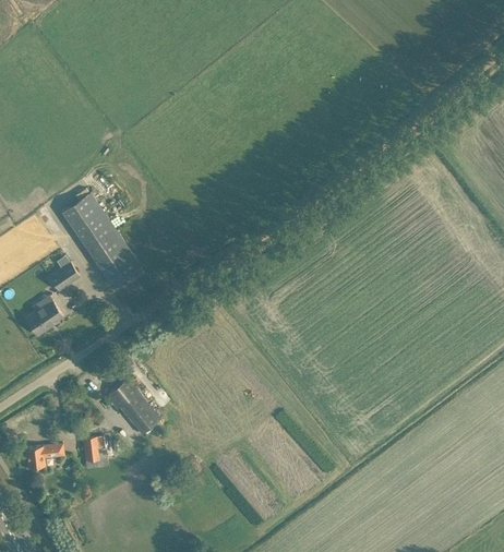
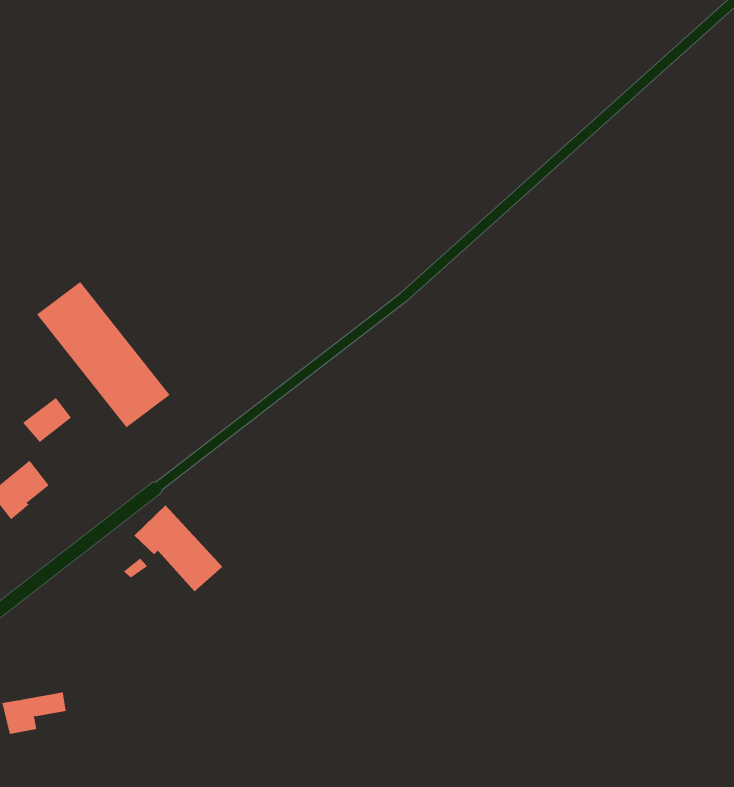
building: [107,379,160,433] -> [134,505,223,592]
building: [83,435,106,460] -> none

